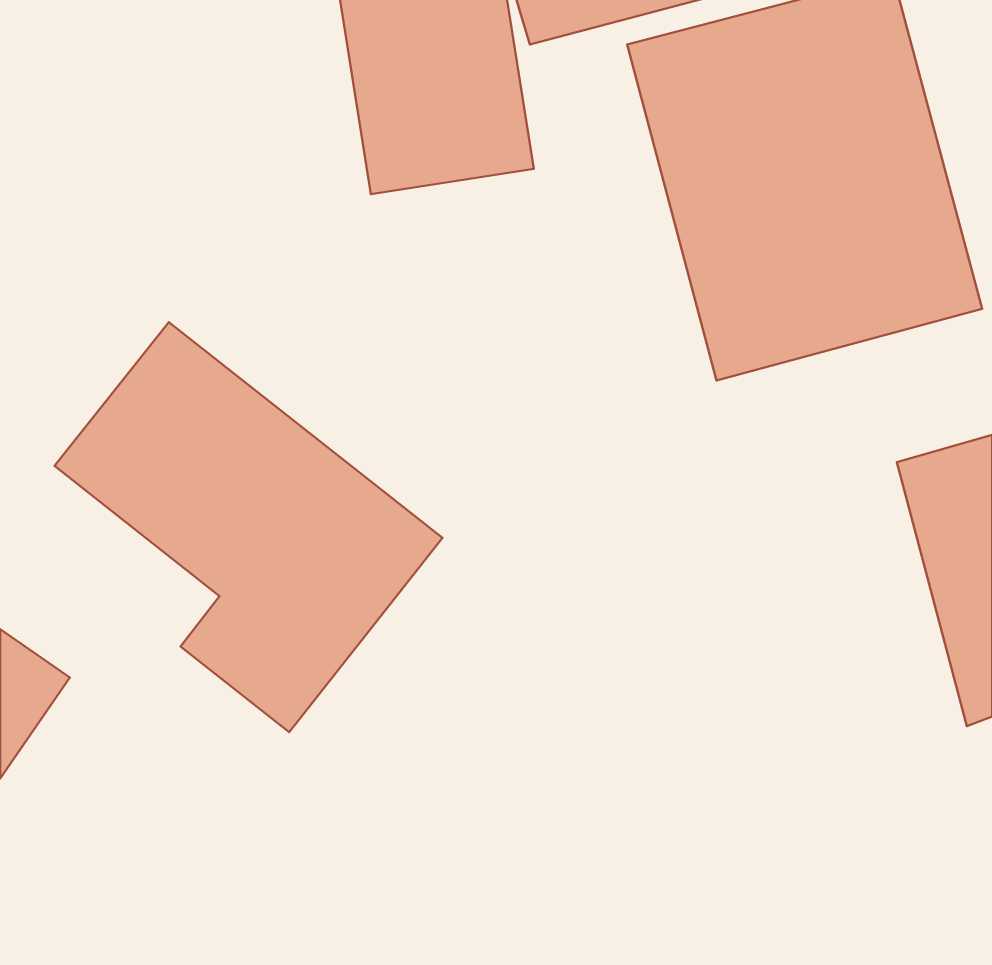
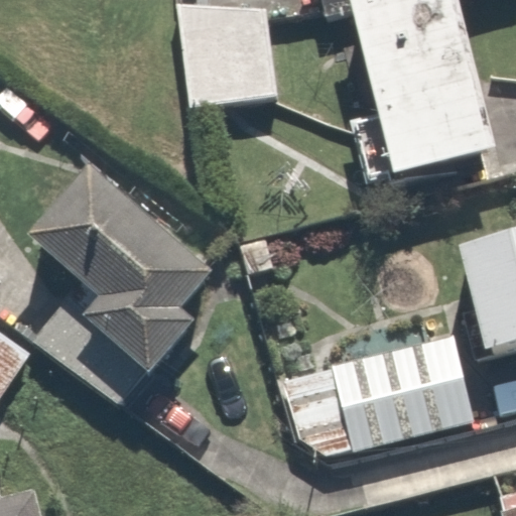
building: none -> [276,328,473,463]

